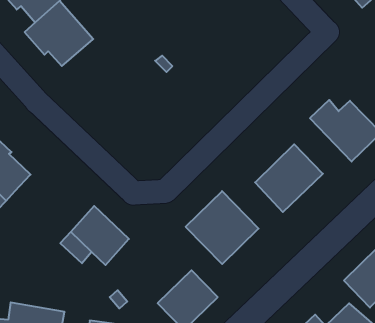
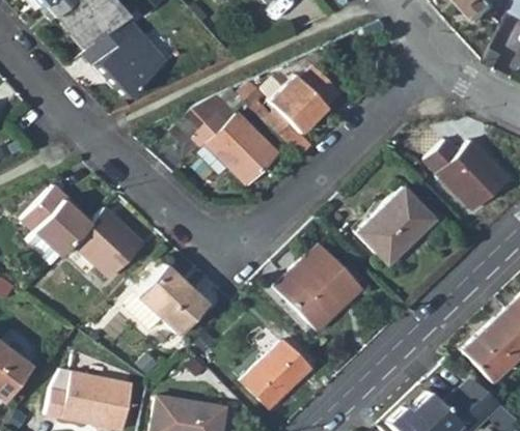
building: none -> [267,63,340,131]
building: none -> [188,90,277,181]
building: none -> [72,207,143,279]

